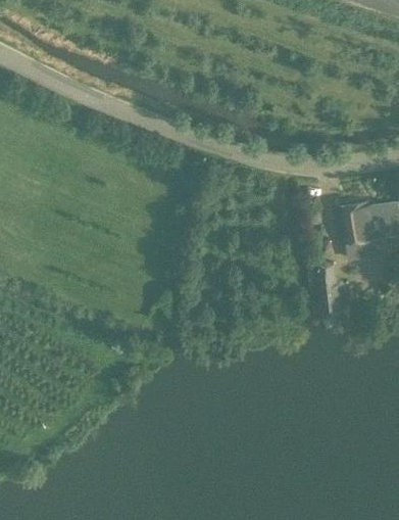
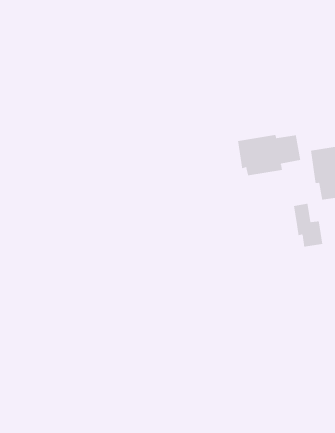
building: none -> [237,134,301,176]

